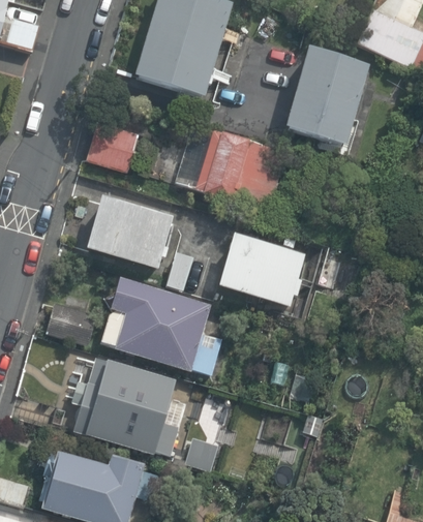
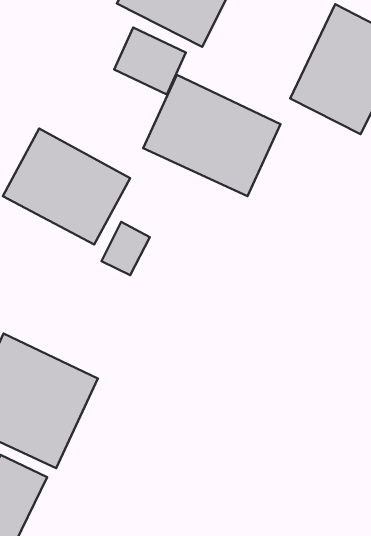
building: [86,122,141,171] -> [114,28,186,94]
building: [202,224,305,308] -> none
building: [94,276,221,377] -> none

